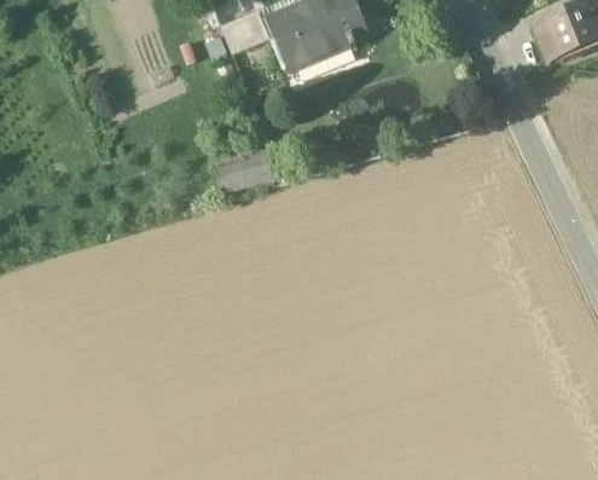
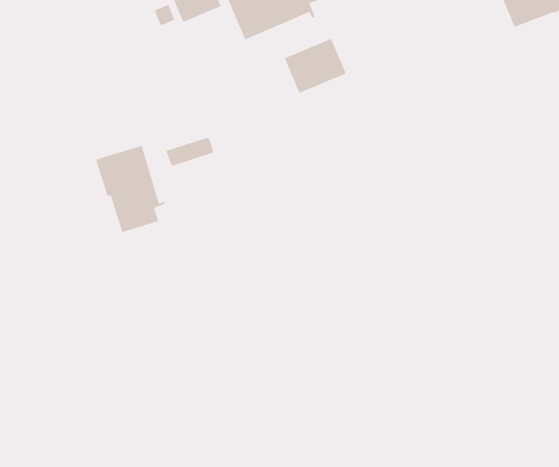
building: none -> [284,38,347,94]
building: none -> [95,145,165,233]

